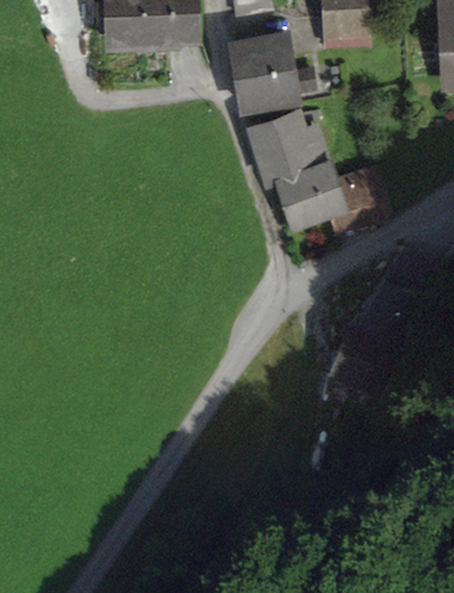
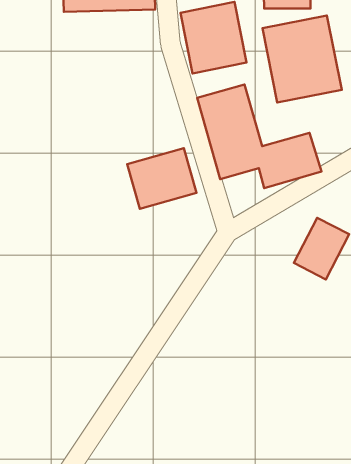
building: none -> [262,16,342,102]
building: none -> [127,148,197,209]

